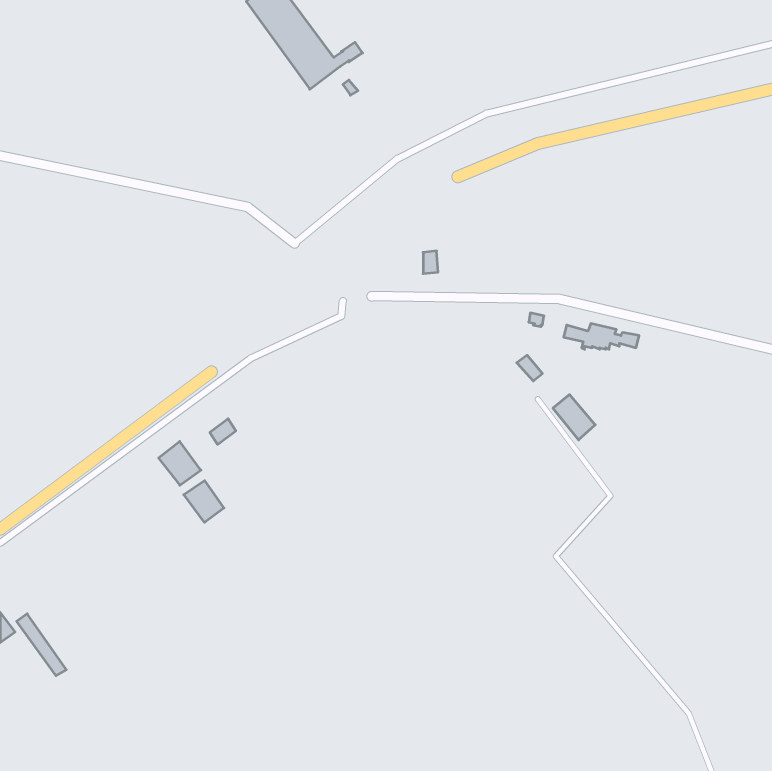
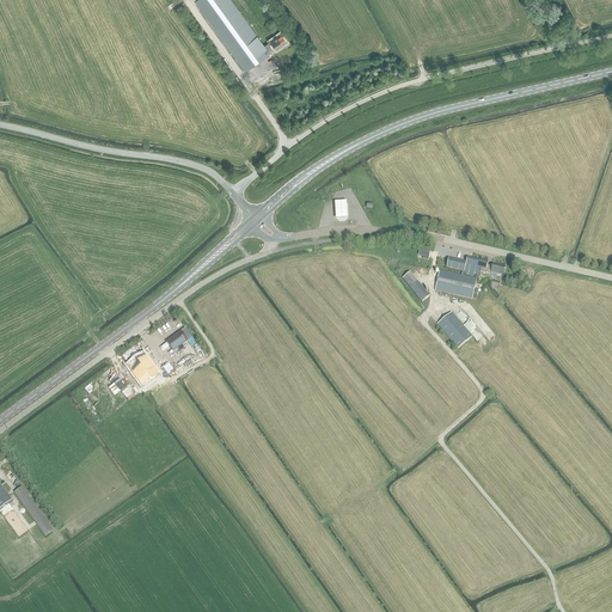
building: none -> [434,270,476,298]
building: [184,481,224,522] -> none

